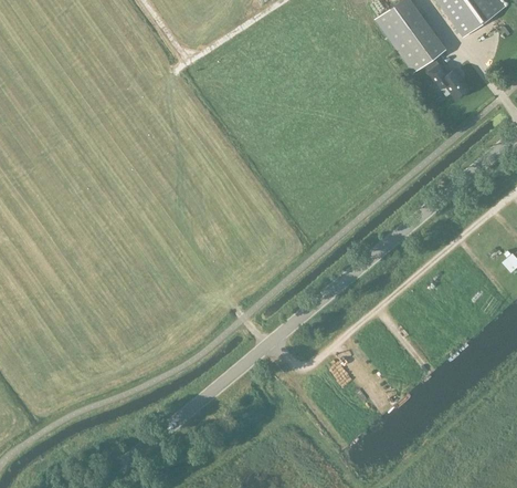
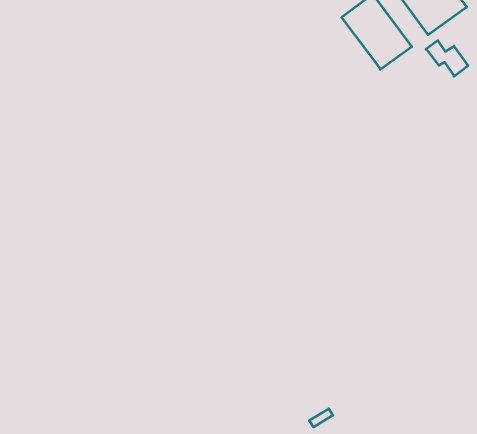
building: [428,63,471,100] -> [426,41,468,76]

